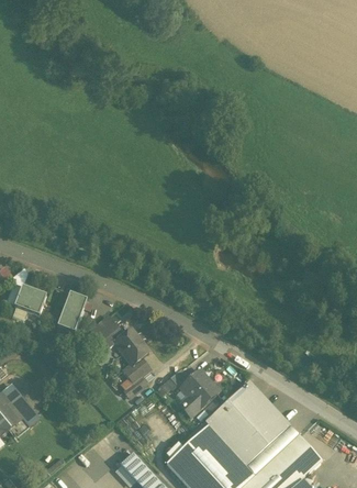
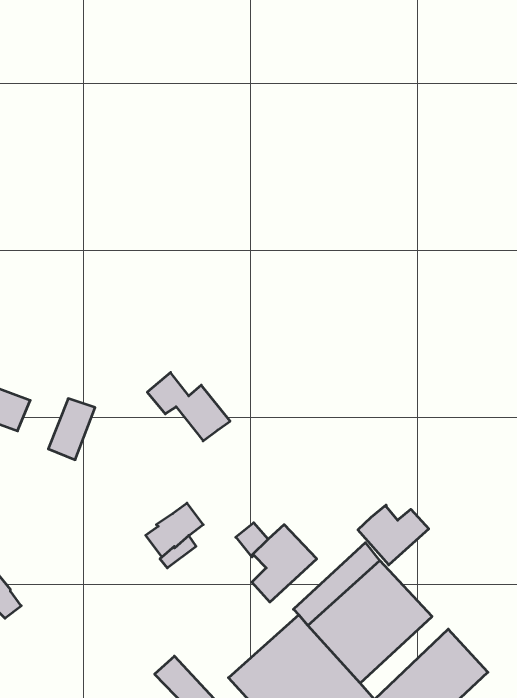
building: [98,321,148,363] -> [147,372,230,441]
building: none -> [358,505,429,565]

